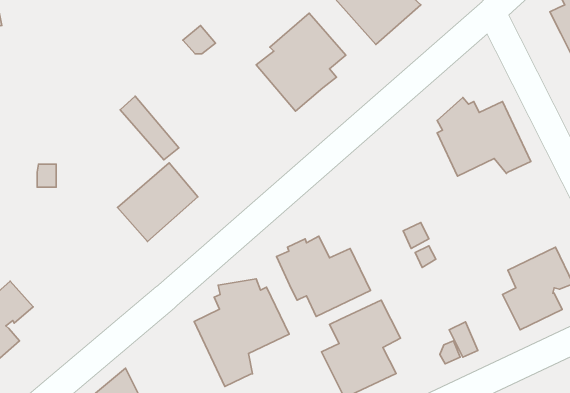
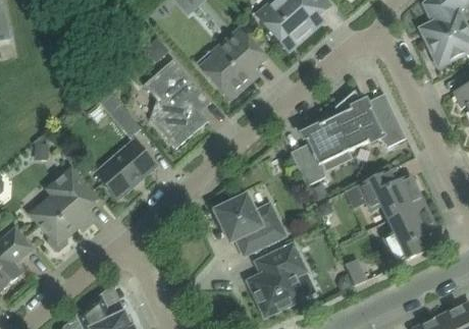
building: none -> [143,59,208,149]
building: none -> [290,117,350,185]
building: none -> [31,168,98,251]
building: none -> [358,169,423,220]
building: [194,279,289,386] -> none

